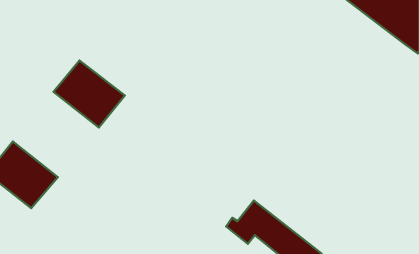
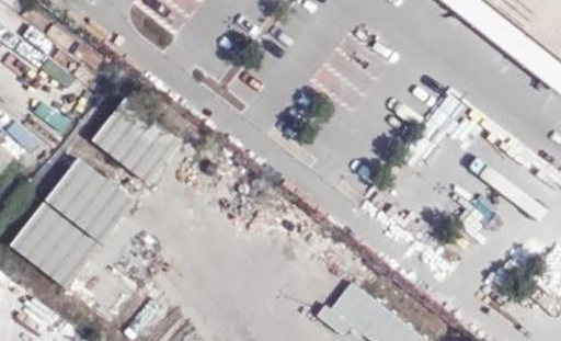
building: none -> [46,152,136,237]

